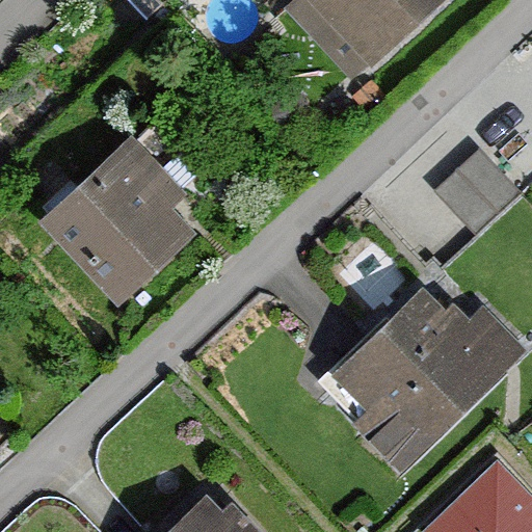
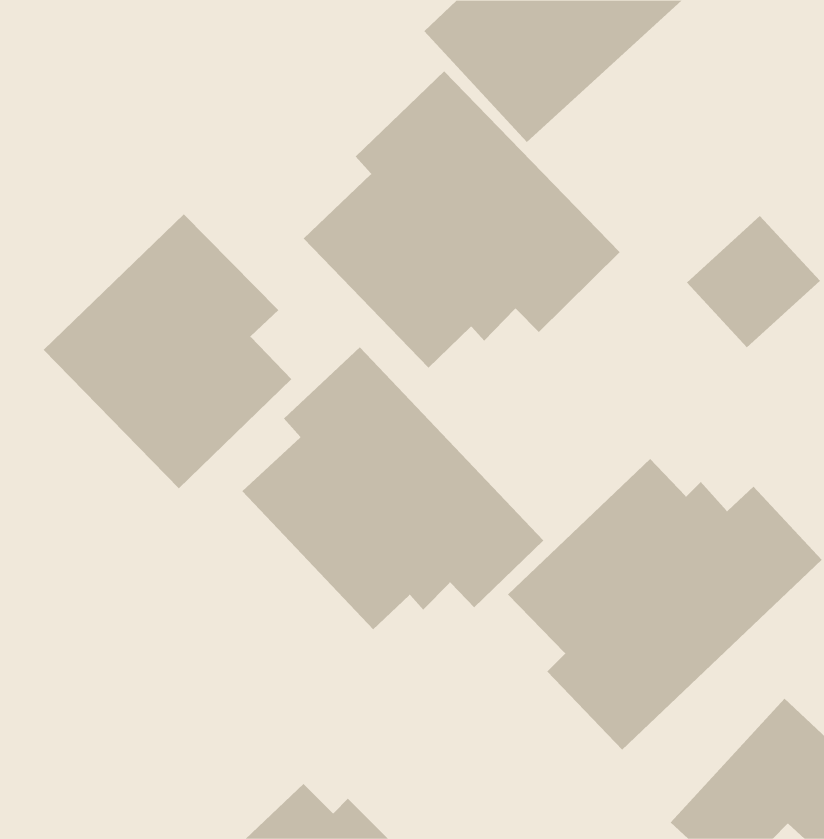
building: none -> [303,70,620,369]
building: none -> [242,346,544,630]

